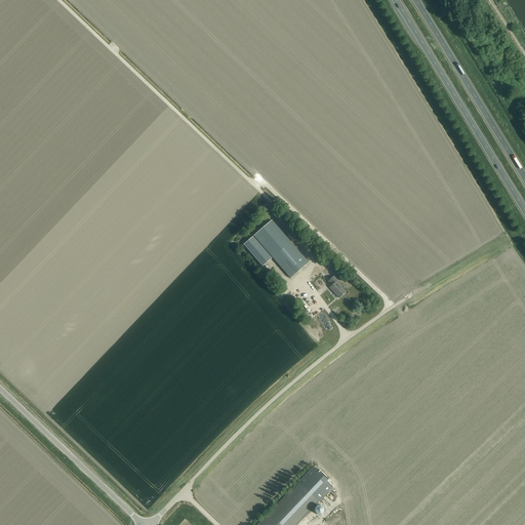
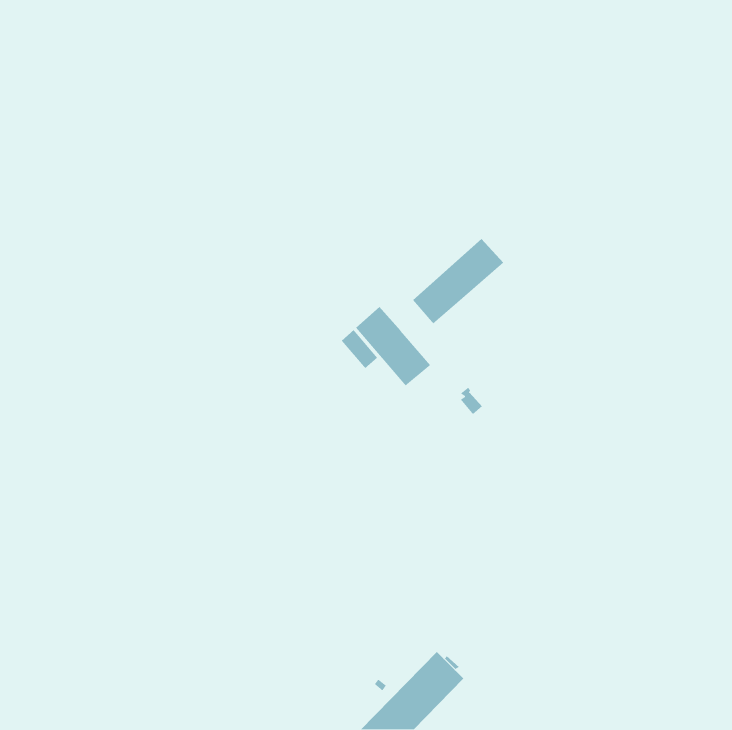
building: none -> [412,238,504,325]

